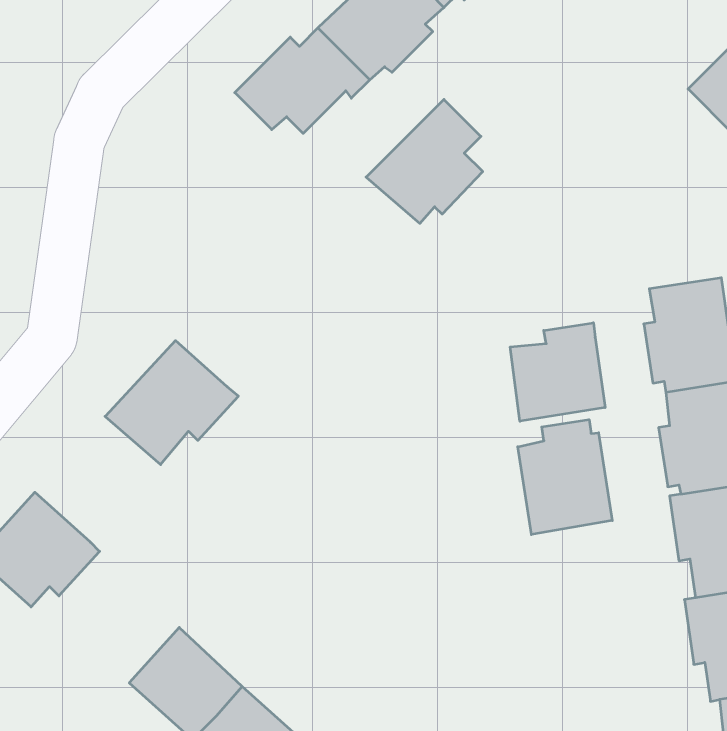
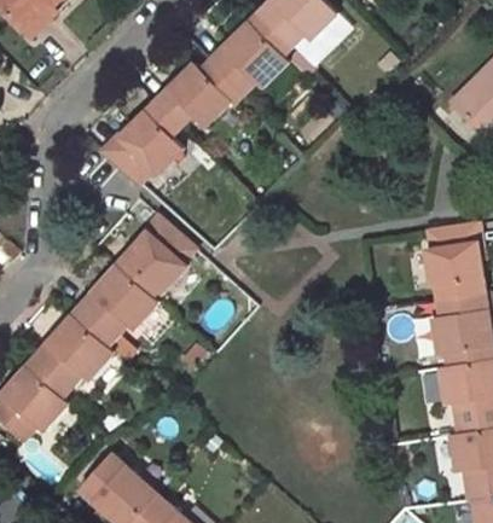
building: [366,99,483,223] -> [105,103,181,184]
building: none -> [117,217,193,295]
building: [510,323,605,421] -> none
building: none -> [25,314,114,396]
building: [518,420,612,535] -> none

